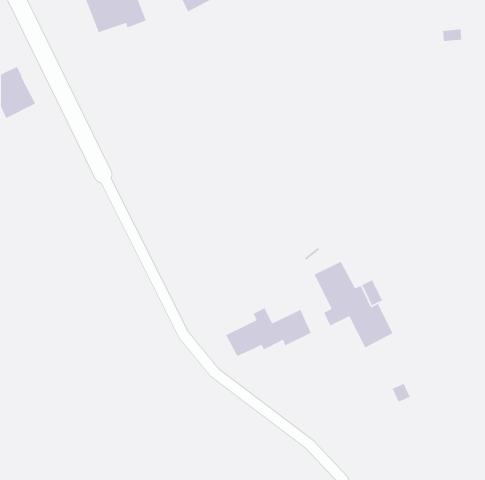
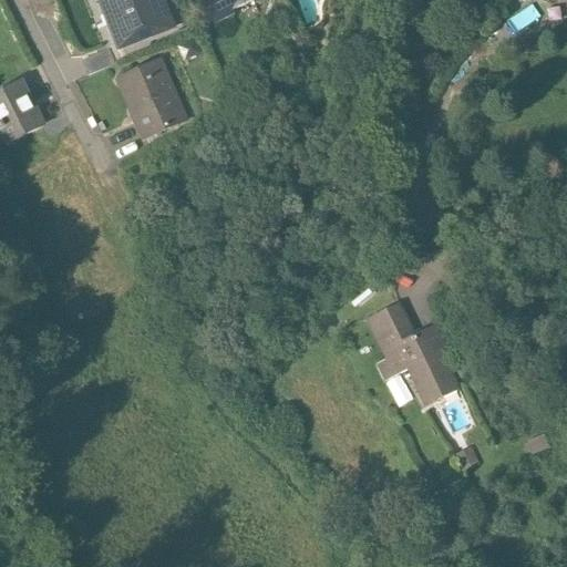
building: none -> [116,58,185,136]
building: [225,307,312,357] -> none

